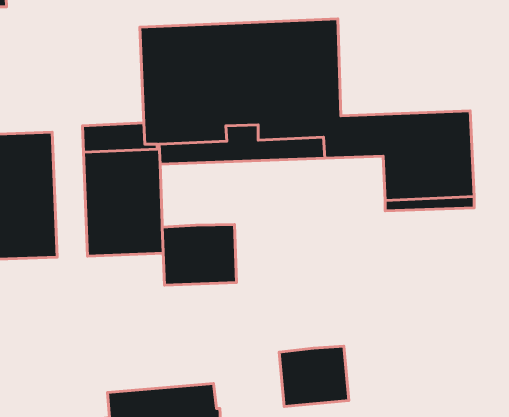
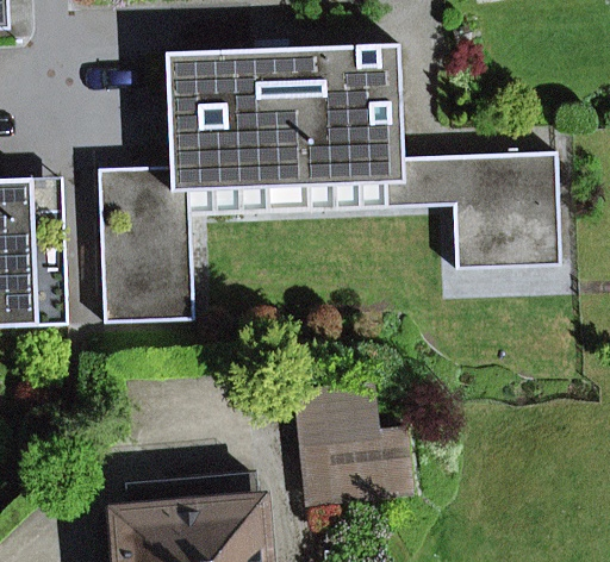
building: [162,225,237,285] -> none
building: none -> [298,391,371,504]

